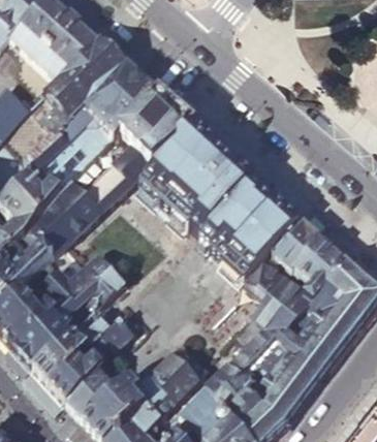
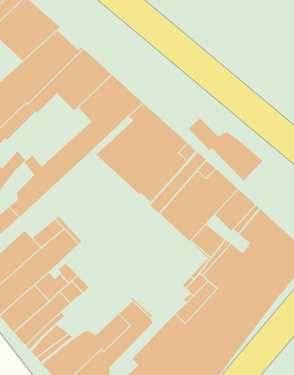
building: [40,115,116,189] -> none
building: none -> [188,117,263,181]

